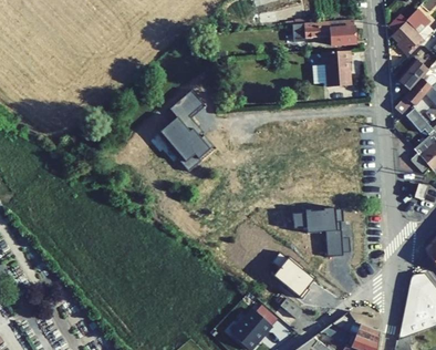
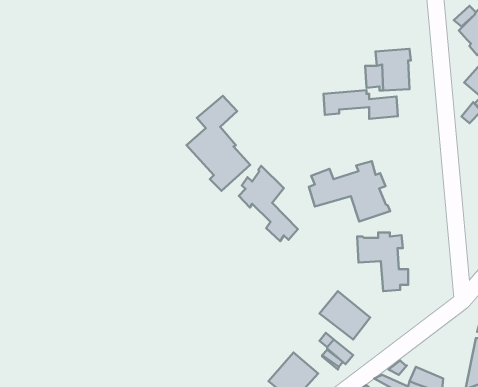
building: [292,21,355,45] -> [323,90,398,119]
building: none -> [309,161,390,221]
building: none -> [239,166,298,241]

